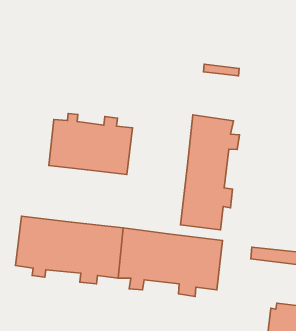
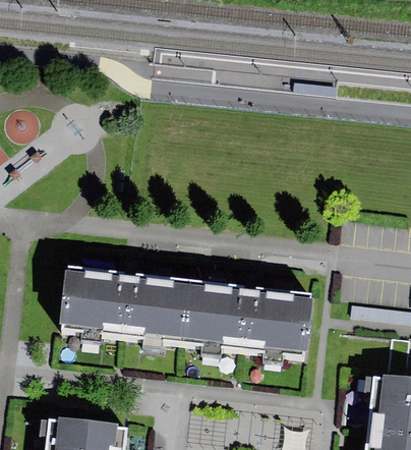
building: [49,114,133,174] -> none
building: [180,115,239,230] -> none

